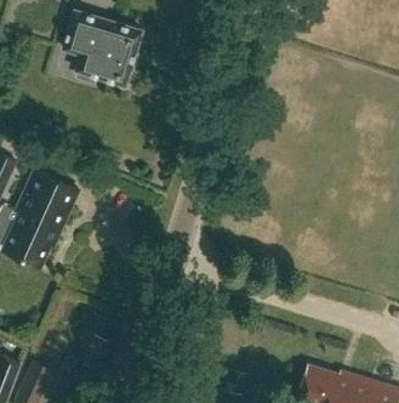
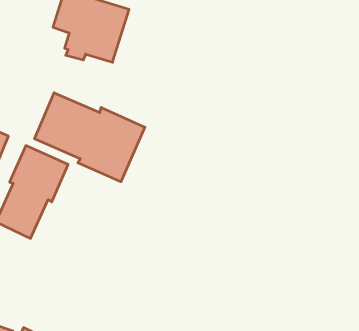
building: none -> [35,93,145,182]

